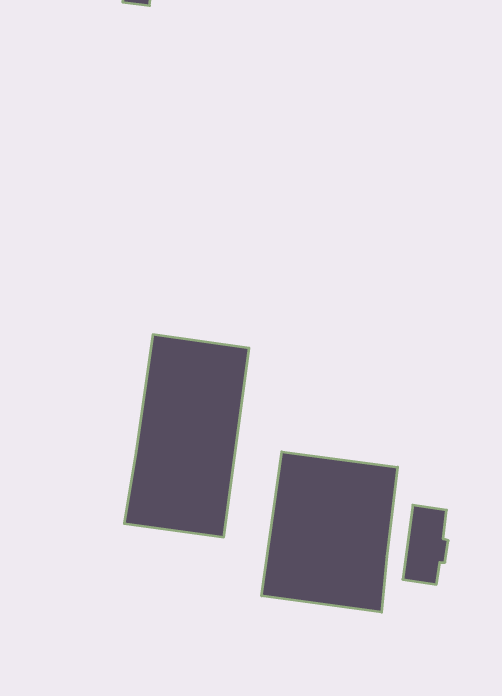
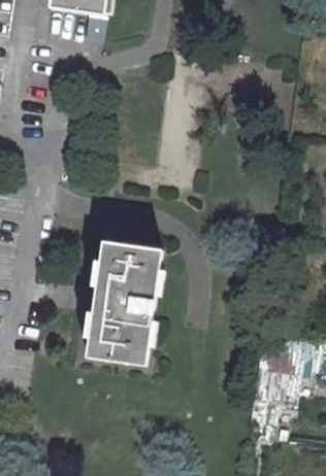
building: [262,452,398,612] -> none

